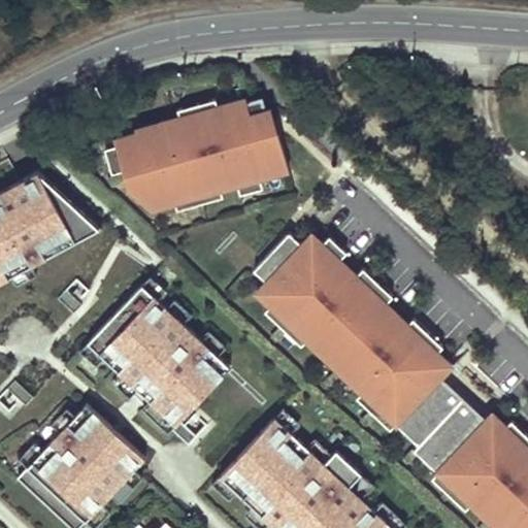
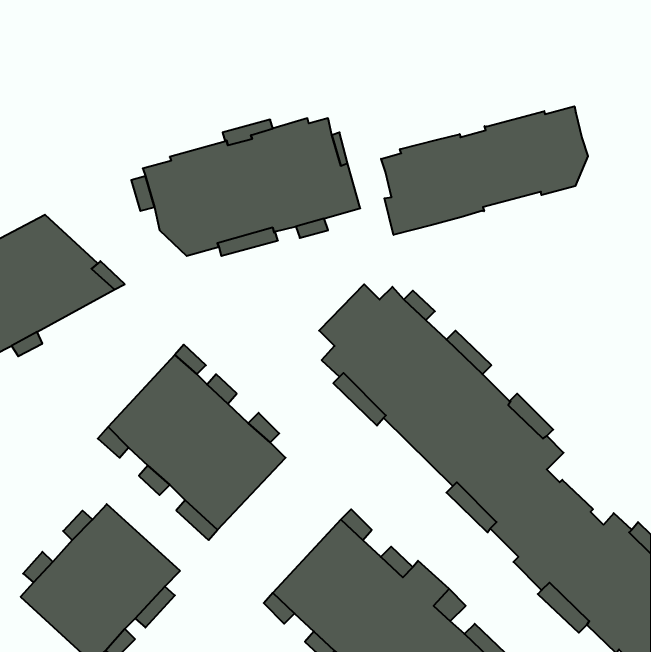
building: none -> [381,106,588,235]

